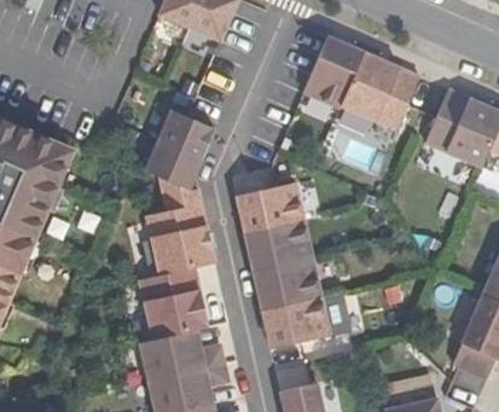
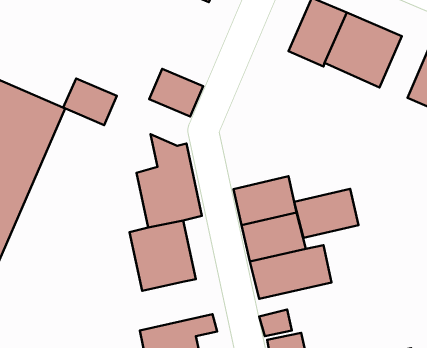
building: [146,141,202,190] -> [63,78,117,125]
building: [237,184,303,234] -> [294,189,358,238]
building: [141,330,225,381] -> none

